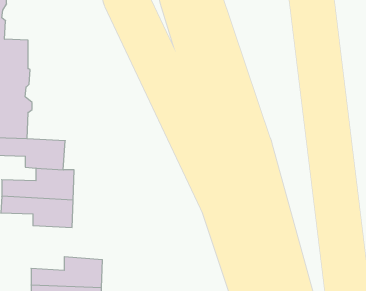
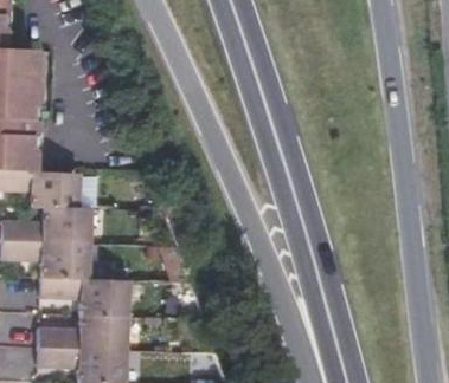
building: none -> [43,275,129,317]

